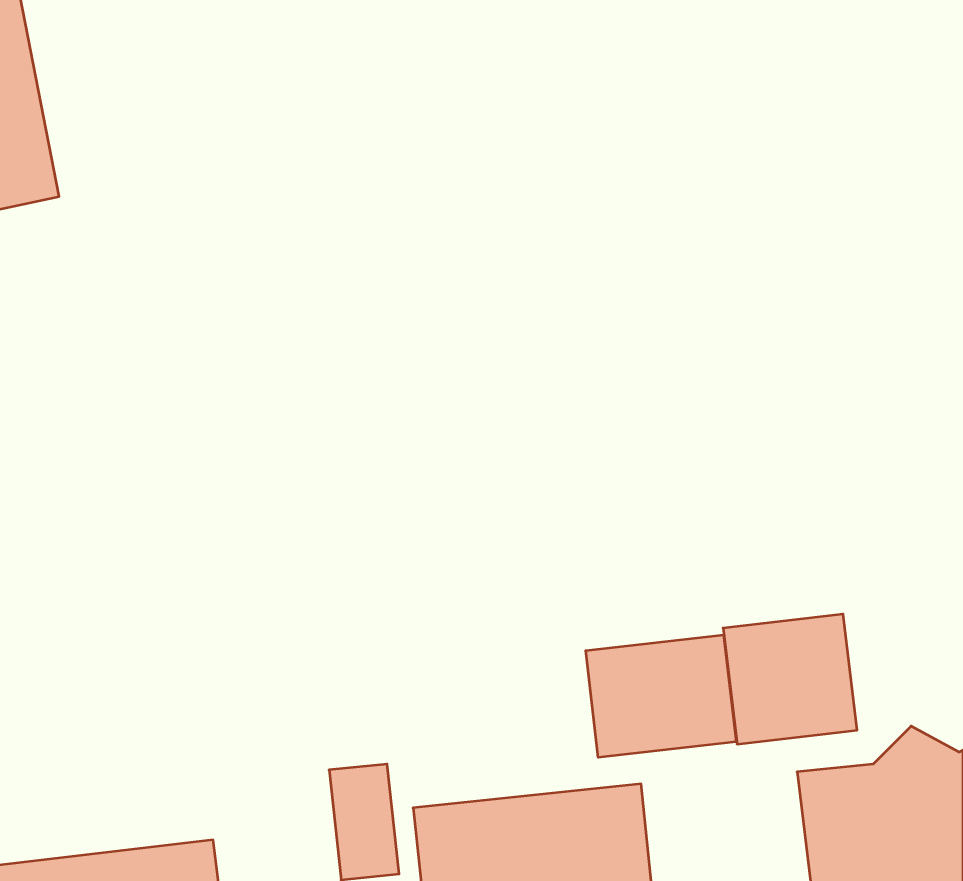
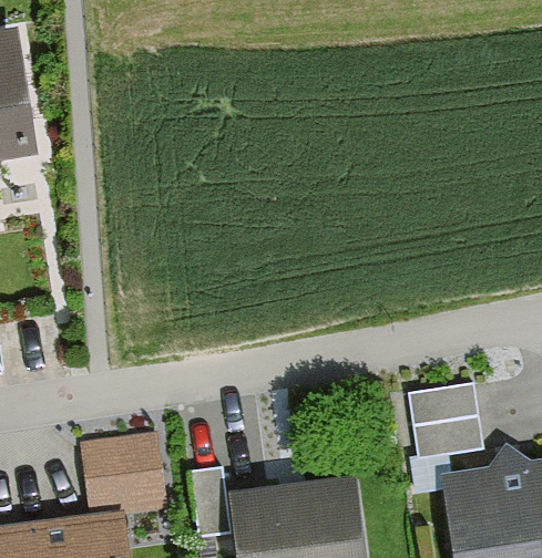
building: [586,635,736,757] -> none
building: none -> [76,435,161,514]

